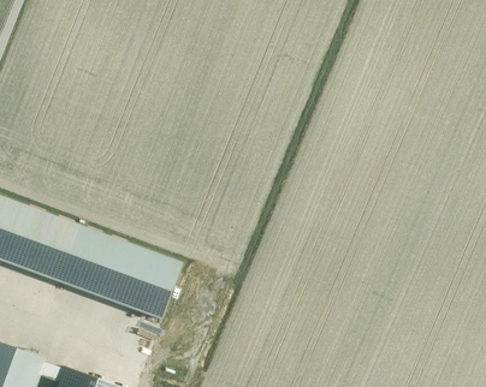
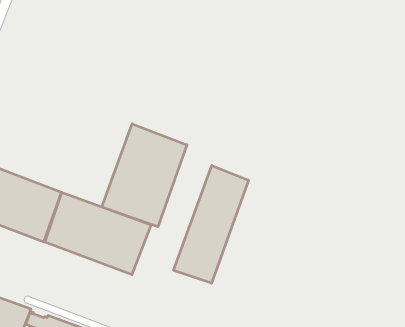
building: none -> [102,124,187,227]
building: none -> [174,165,248,283]

